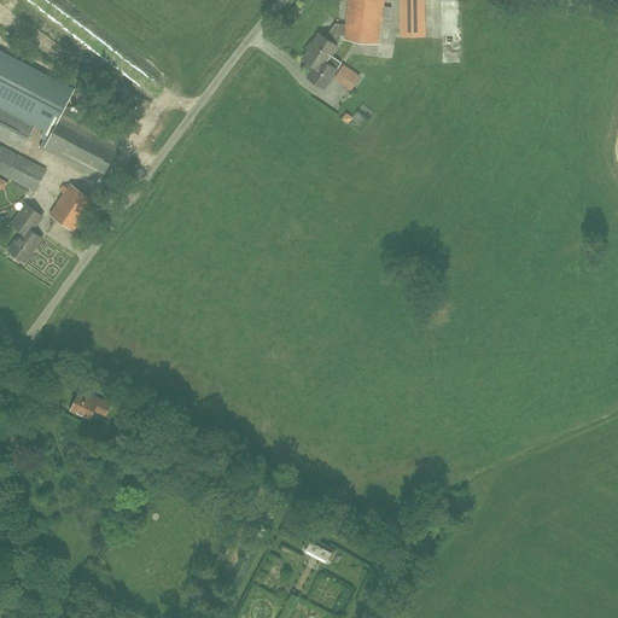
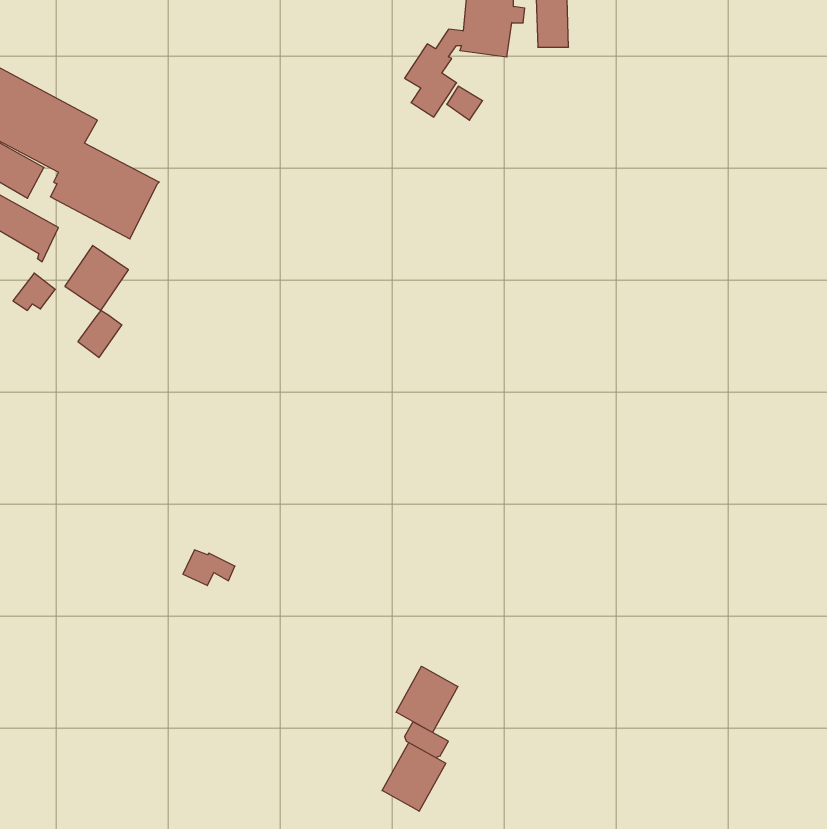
building: [7,226,40,261] -> [78,310,122,358]
building: [69,391,107,418] -> [183,550,235,586]
building: none -> [396,666,458,732]
building: none -> [382,743,446,811]

